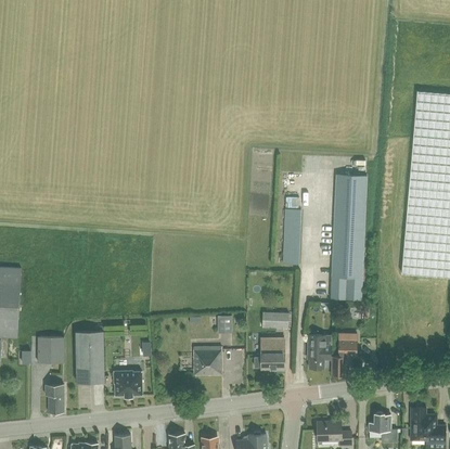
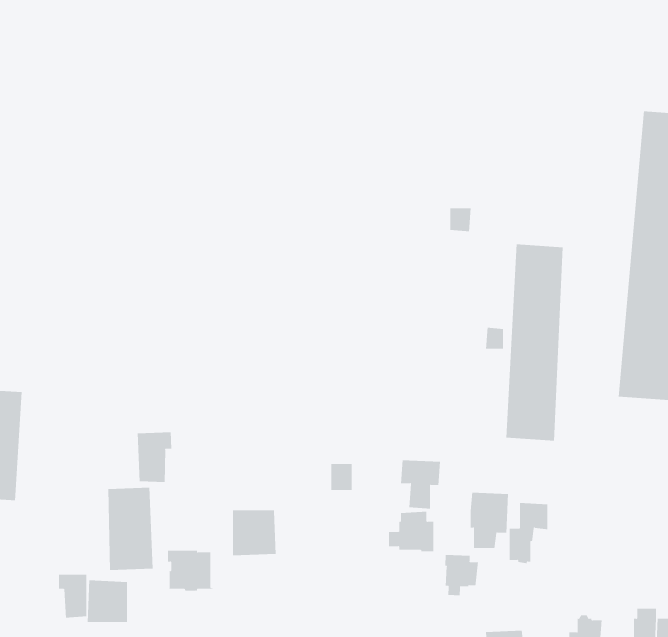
building: [283,209,300,265] -> none
building: none -> [137,432,172,483]
building: [38,336,64,363] -> [87,580,128,623]
building: [194,346,222,375] -> [232,510,276,556]
building: none -> [445,554,478,596]

